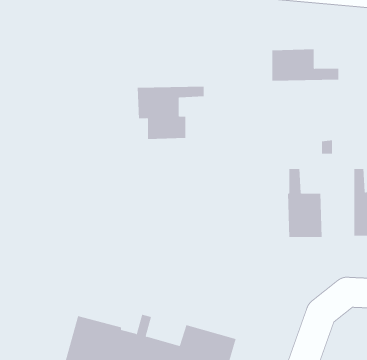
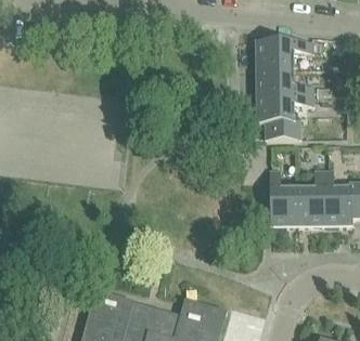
building: none -> [257,40,312,68]
building: [137,86,204,139] -> [257,93,313,137]
building: none -> [298,167,325,224]

